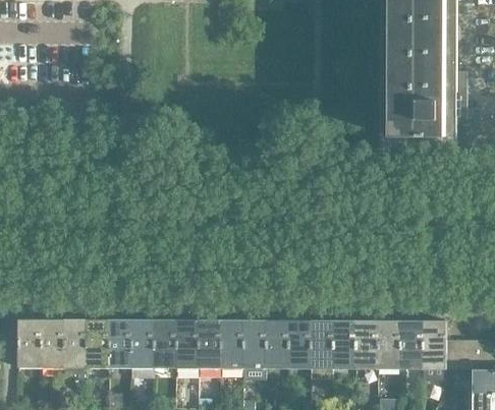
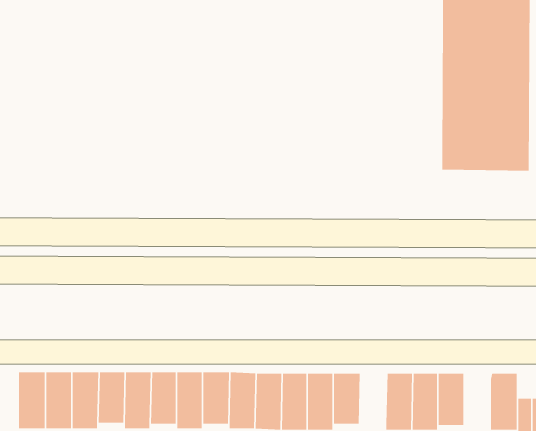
building: [312,320,335,364] -> none
building: [401,320,425,365] -> none

